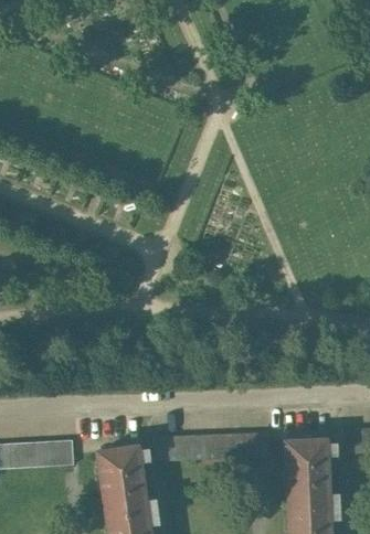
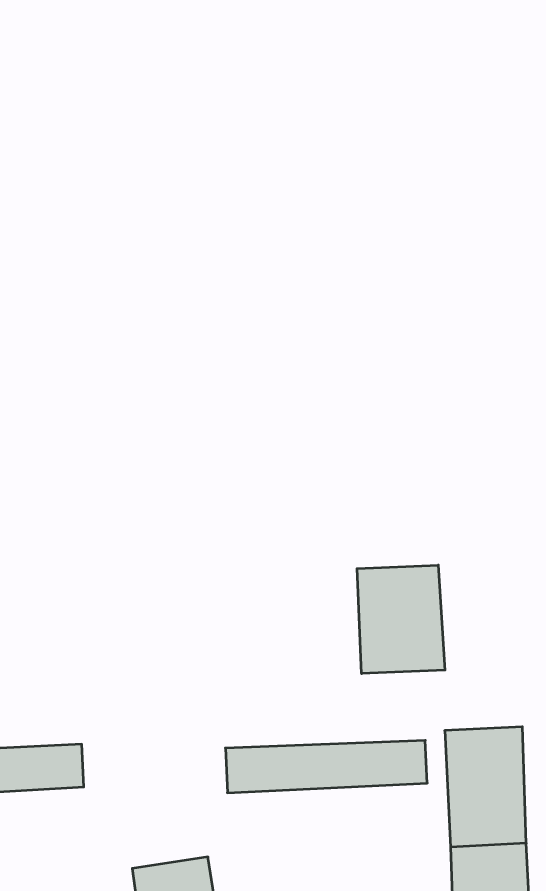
building: none -> [357,565,445,674]
building: [95,438,149,511] -> none

